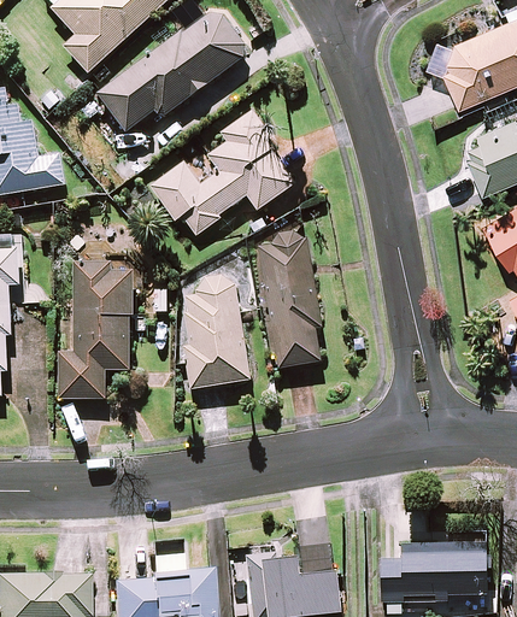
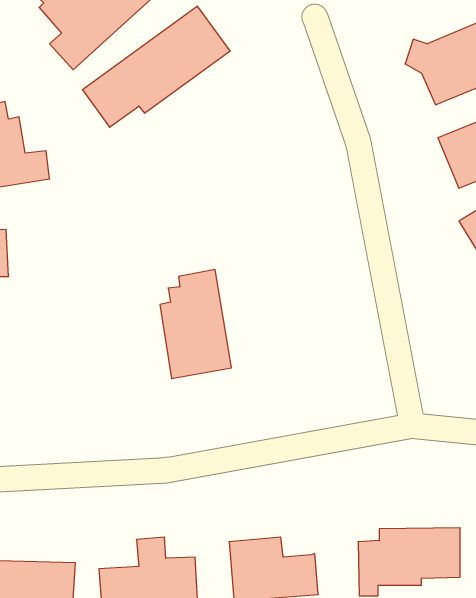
building: [151,114,294,235] -> none
building: [57,225,134,399] -> none
building: [257,236,319,368] -> none

